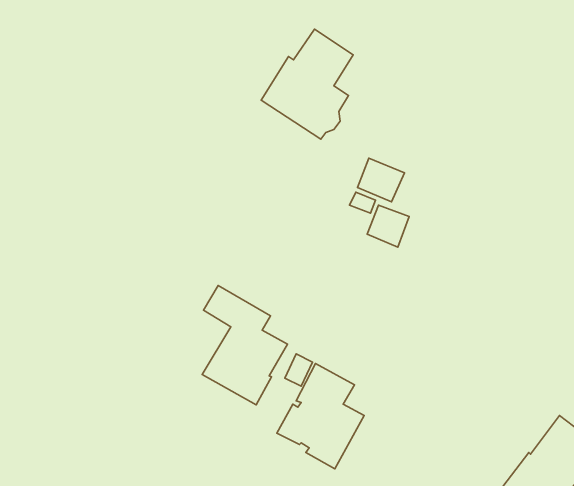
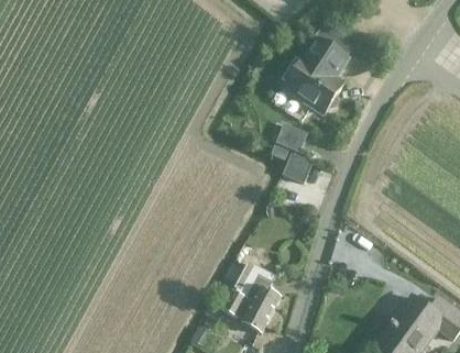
building: [261,29,353,139] -> [283,37,346,112]
building: [202,285,287,405] -> none

